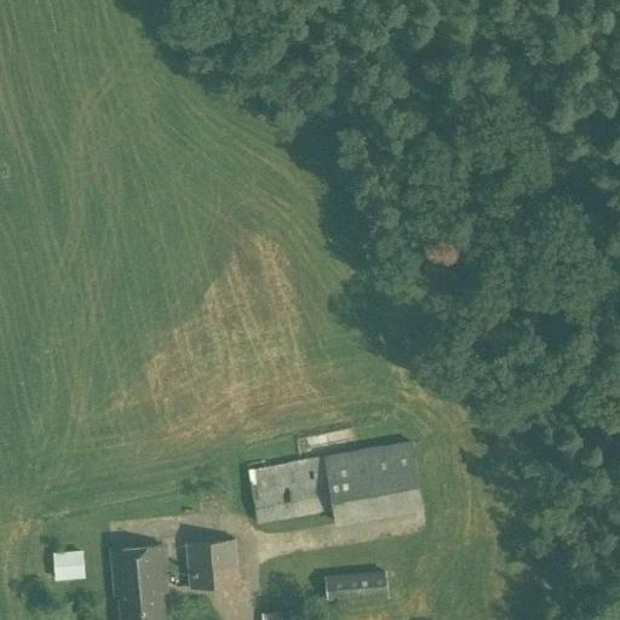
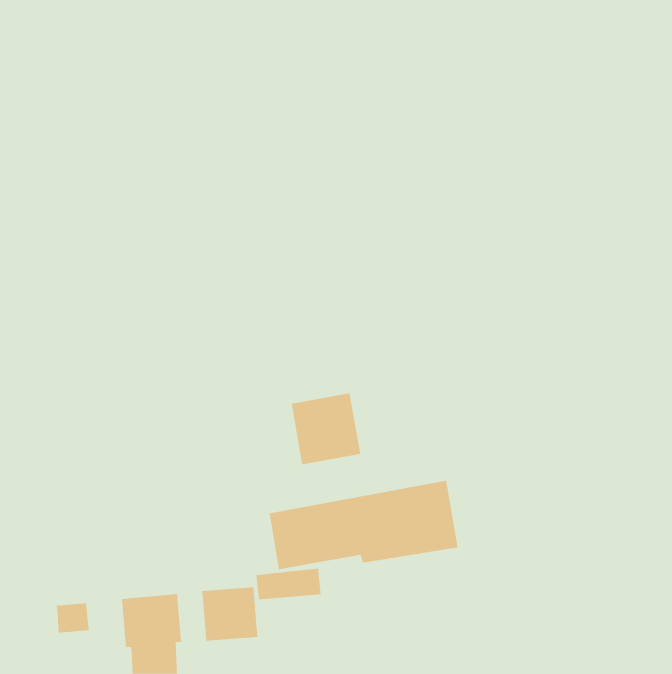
building: none -> [291,393,361,465]
building: [325,572,385,601] -> [256,568,321,600]

